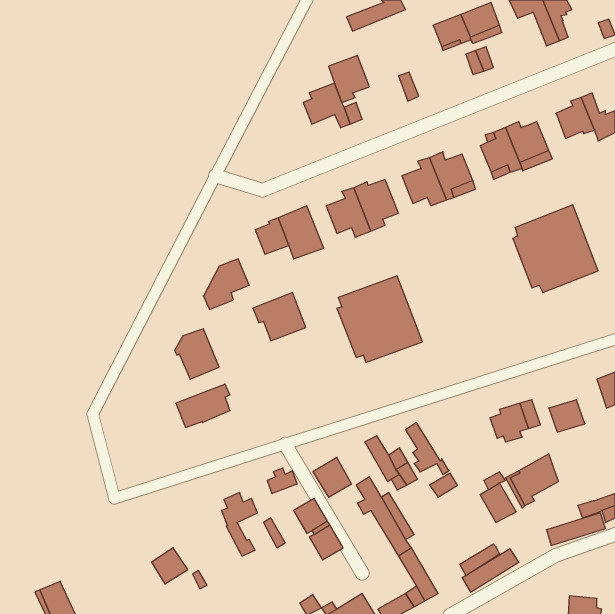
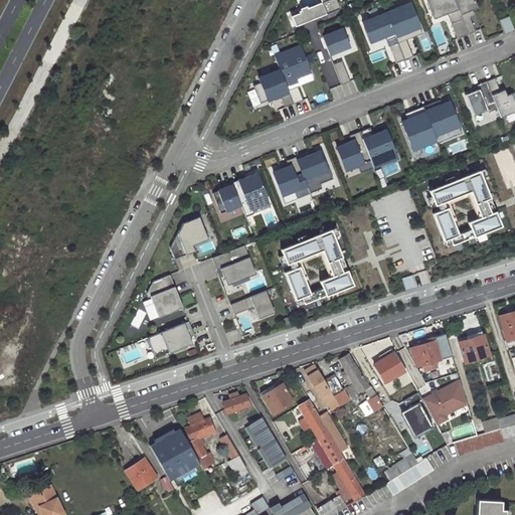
building: none -> [322,29,349,55]
building: none -> [230,292,274,320]
building: none -> [374,353,404,382]
building: none -> [150,427,200,481]

